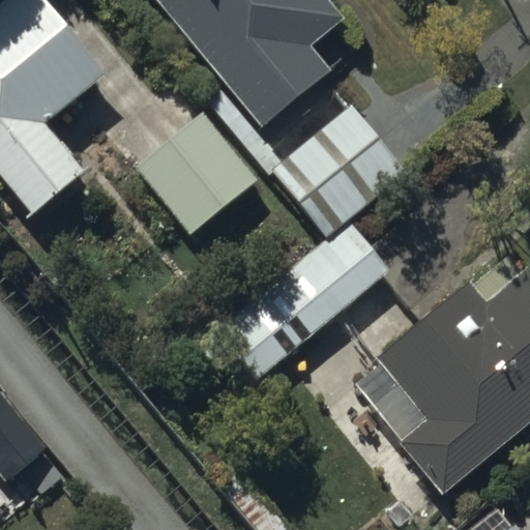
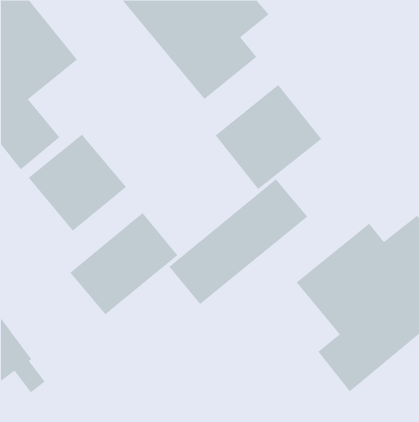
building: [136,114,260,236] -> [28,134,127,231]
building: none -> [70,212,178,315]

